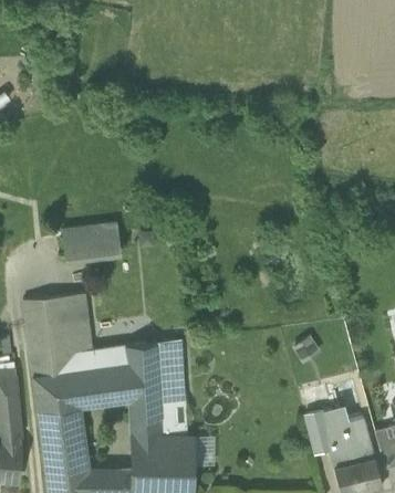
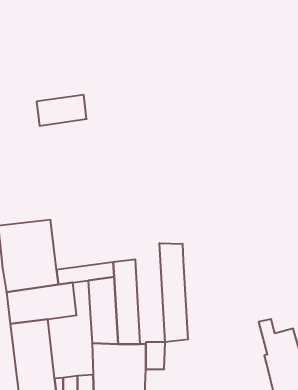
building: [62,223,119,259] -> [37,95,87,126]
building: none -> [160,243,188,342]
building: [110,364,129,403] -> none
building: [304,411,333,454] -> none

